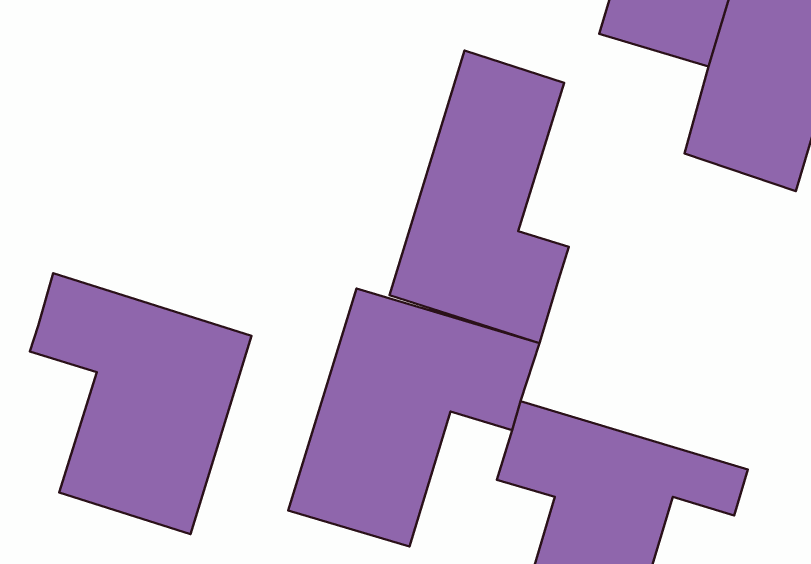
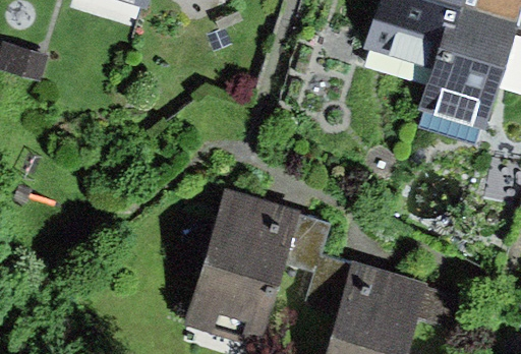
building: [389,51,569,343] -> none
building: [30,273,252,534] -> none

